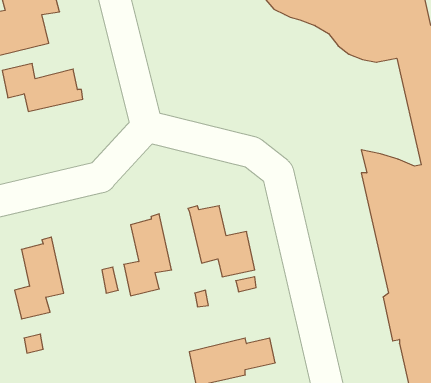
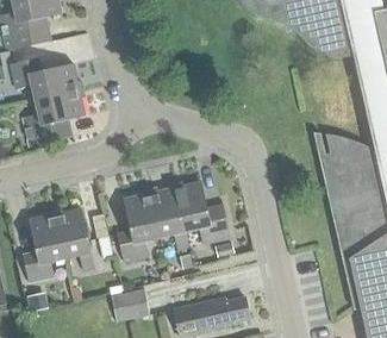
building: none -> [23,88,86,145]
building: none -> [149,186,188,249]
building: none -> [55,206,94,269]
building: none -> [112,288,150,321]

